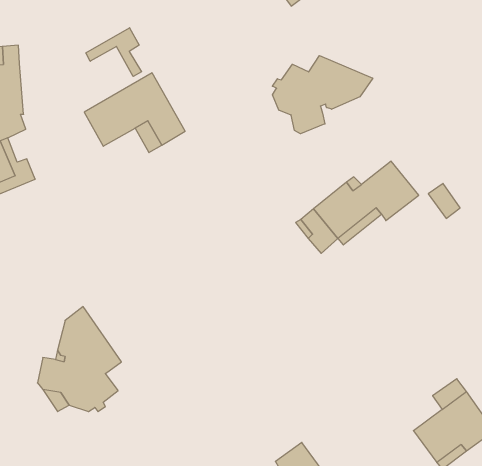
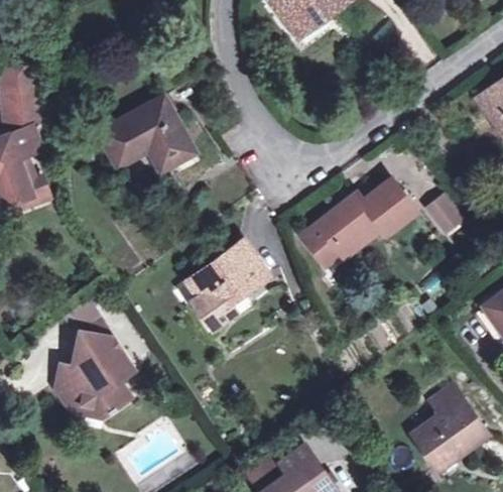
building: [86,28,142,76] -> none
building: [272,56,373,134] -> none
building: none -> [191,241,265,329]

